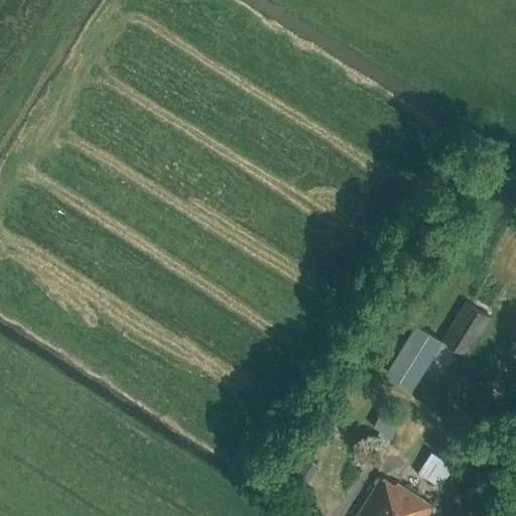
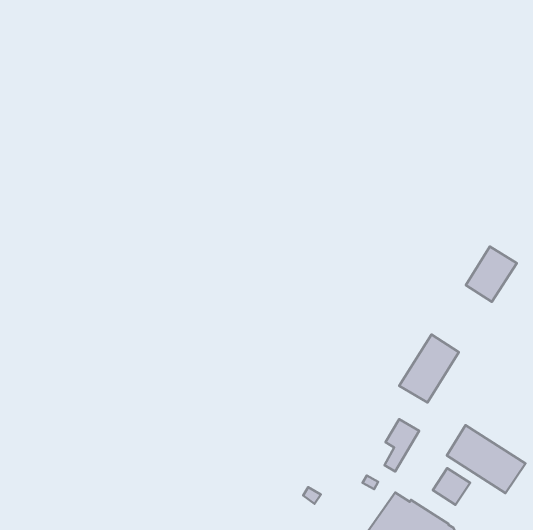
building: [441,304,491,358] -> [466,246,517,302]
building: none -> [447,425,526,493]

